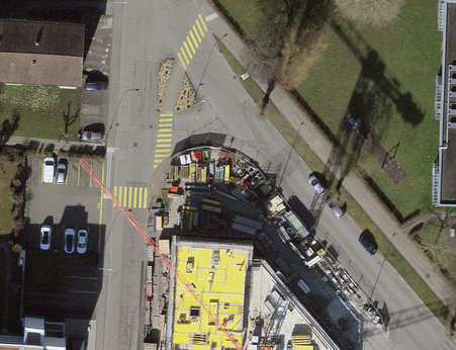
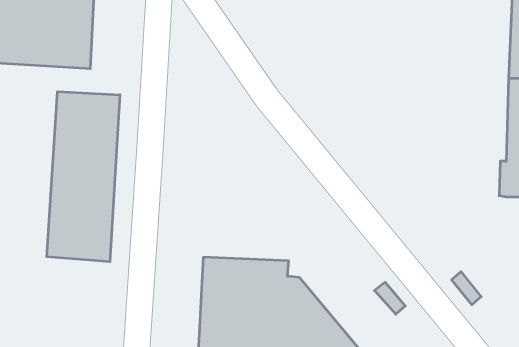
building: none -> [47,92,120,262]

